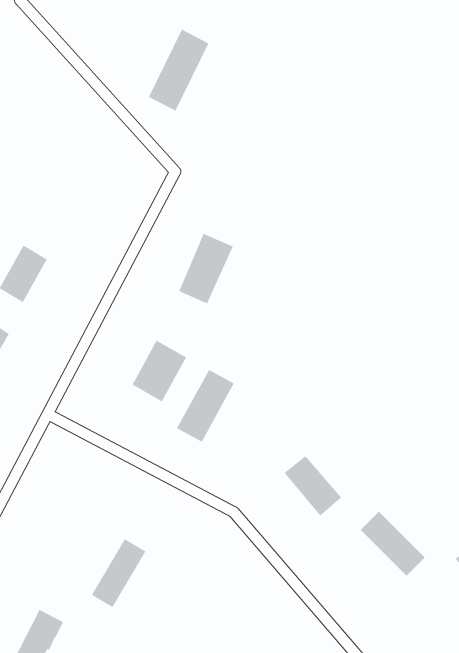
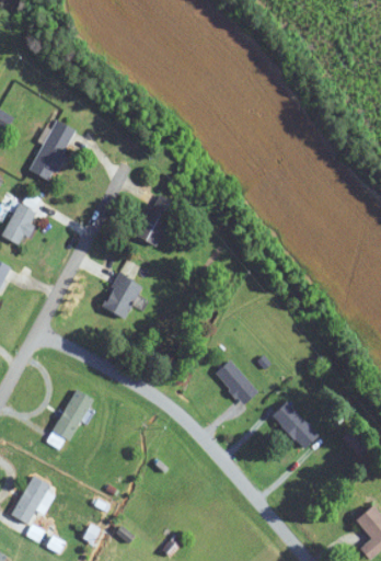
building: [148,29,209,112] -> [30,118,76,181]
building: [176,369,235,443] -> none
building: [91,538,146,608] -> [51,388,93,440]

